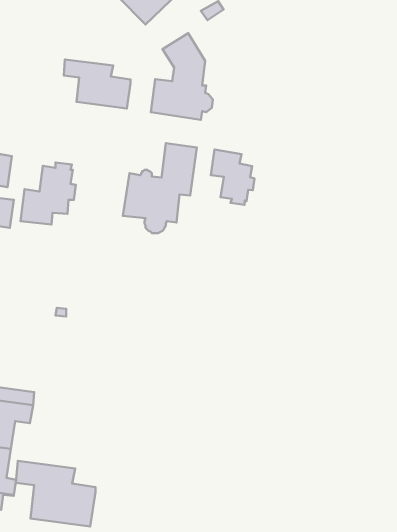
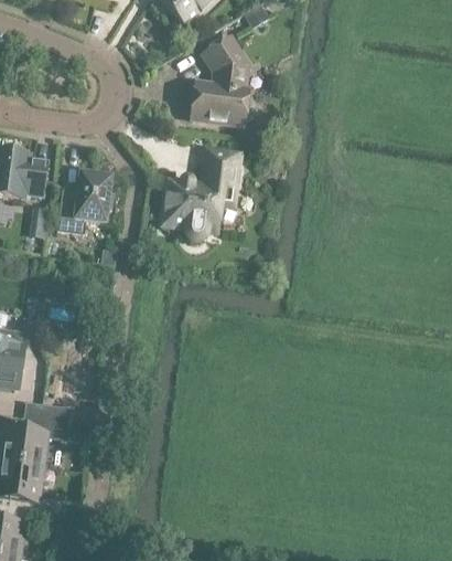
building: [64,60,131,108] -> none
building: [211,150,254,205] -> none
building: [16,461,96,526] -> none

